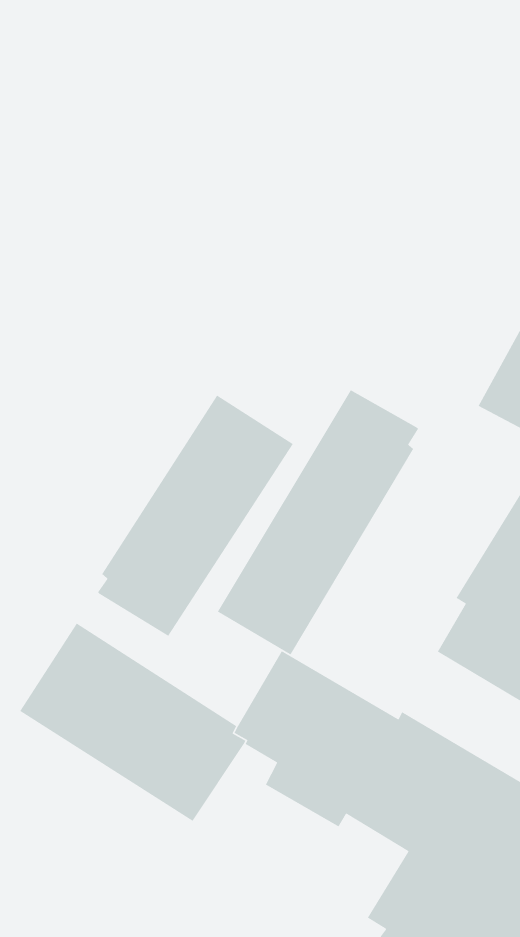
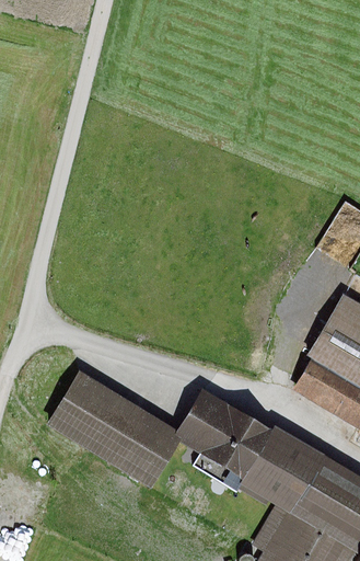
building: [217,389,419,655] -> none
building: [97,395,294,637] -> none

